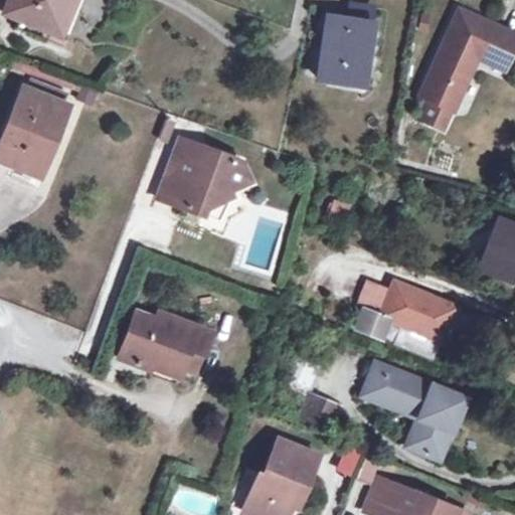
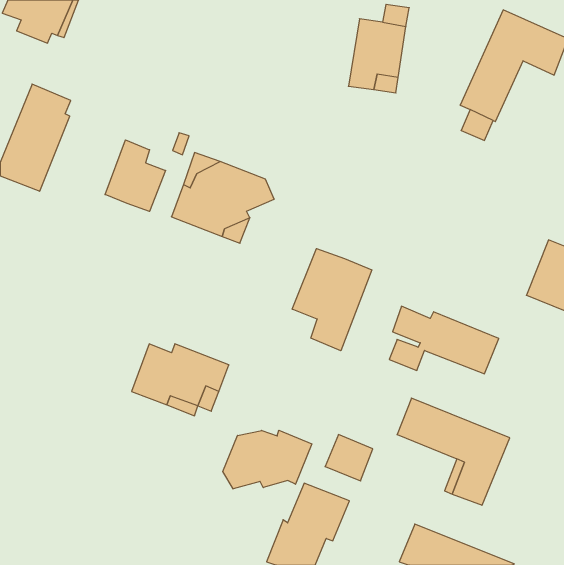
building: none -> [105,140,166,211]
building: none -> [292,249,372,351]
building: none -> [223,430,312,489]

